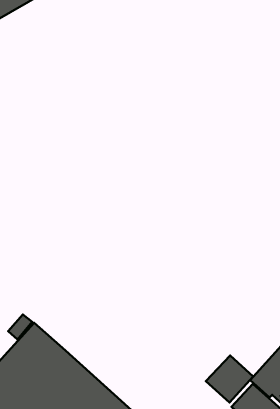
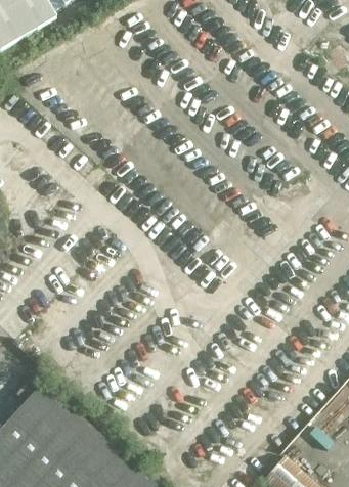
building: [206,355,253,402] -> none

